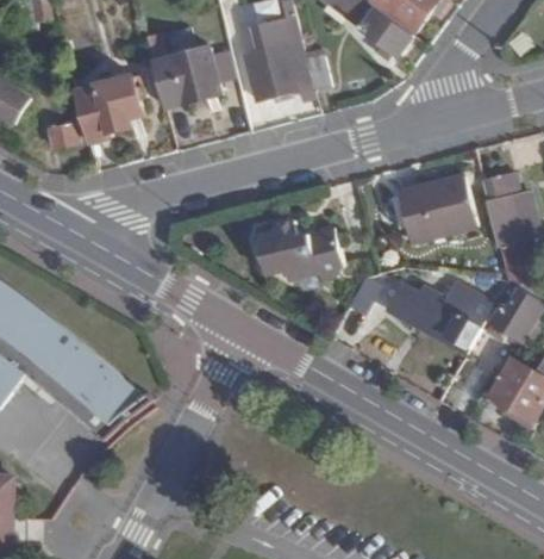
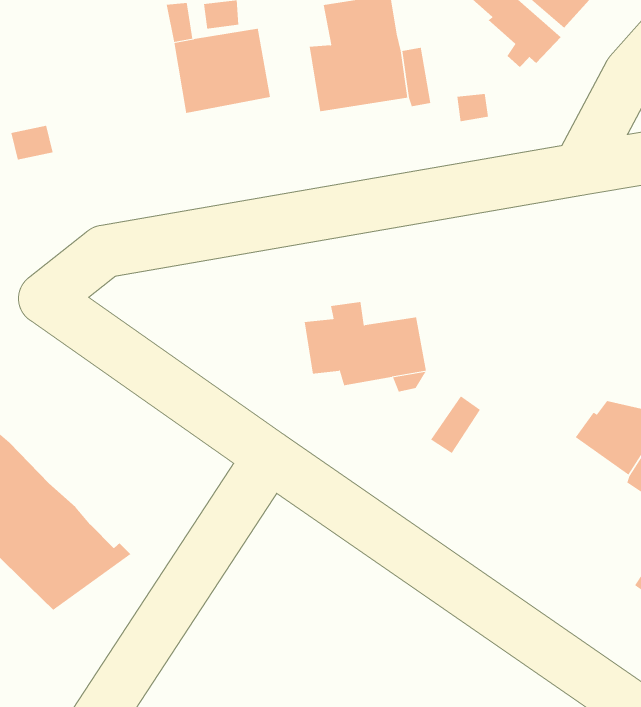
building: [79,86,149,132] -> none
building: [398,176,475,242] -> none
building: [392,281,481,353] -> none

